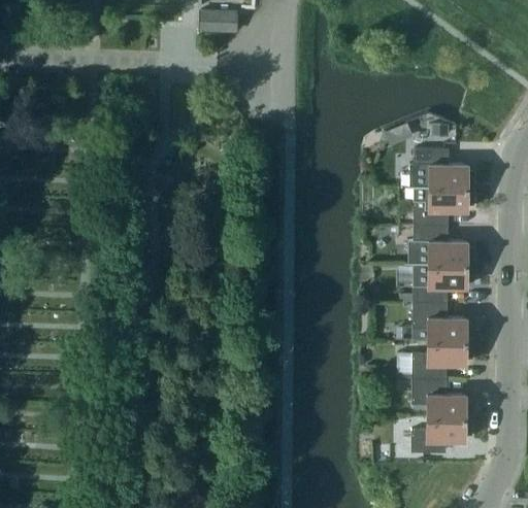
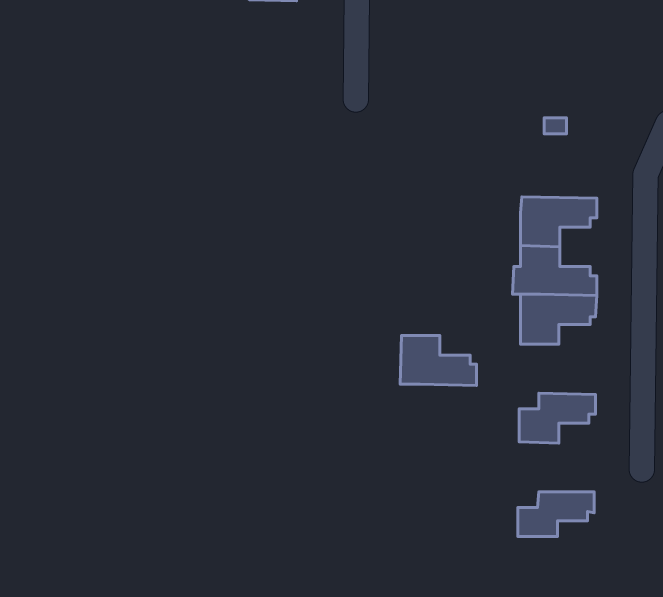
building: [408,148,472,188] -> none
building: [411,302,471,341] -> [400,335,477,385]
building: [411,378,470,417] -> none

